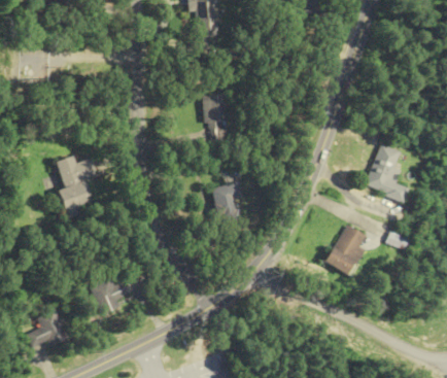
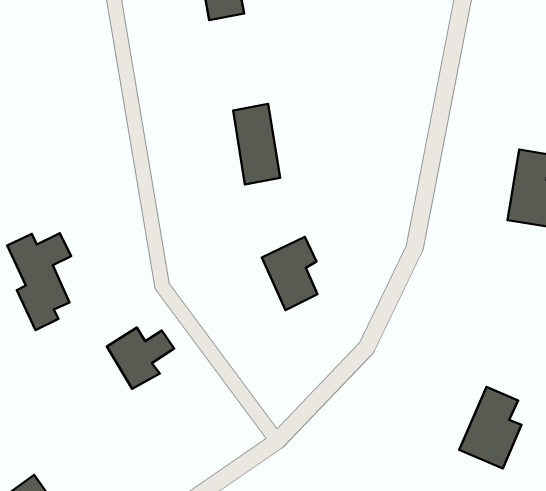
building: [329,225,370,277] -> [459,387,521,468]
building: [84,275,127,313] -> [107,327,174,389]

